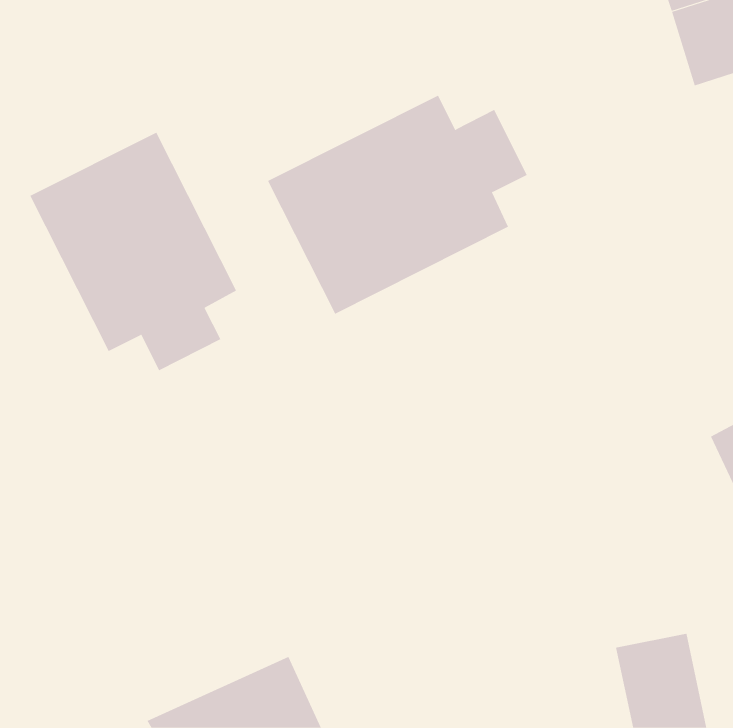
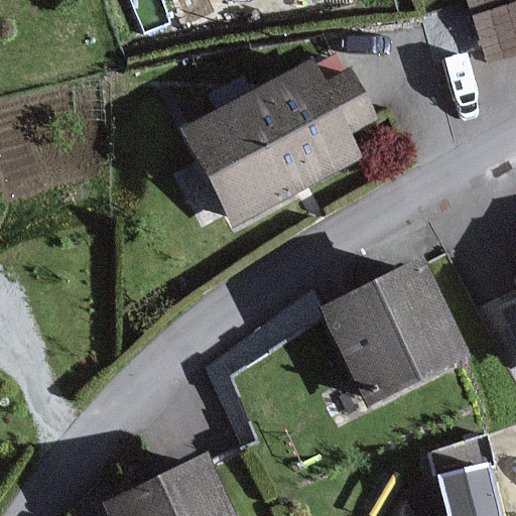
building: [30,132,237,371] -> none
building: none -> [324,267,462,403]

